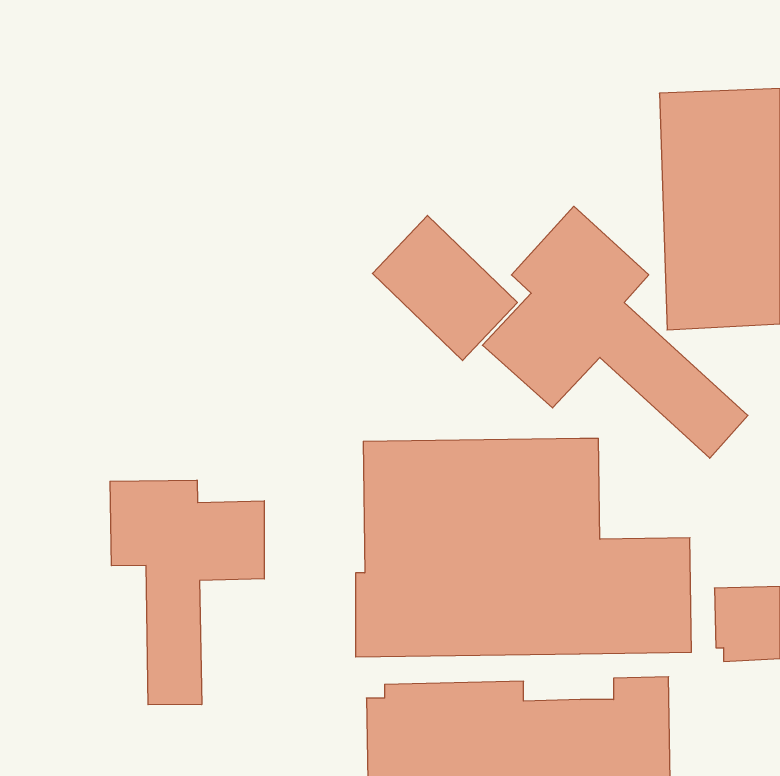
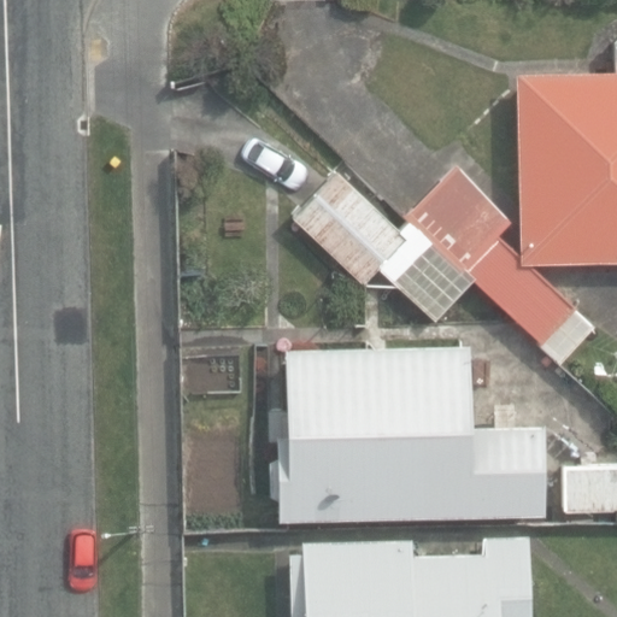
building: [110,480,264,705] -> none

